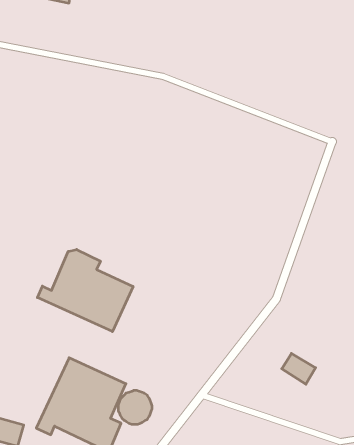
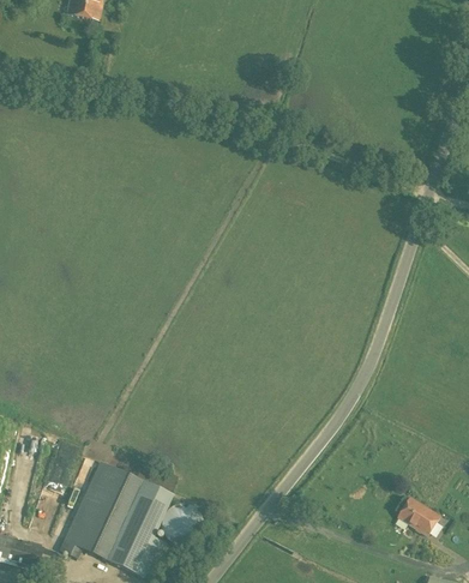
building: [37,249,133,332] -> none
building: [282,353,316,384] -> [398,497,440,535]

